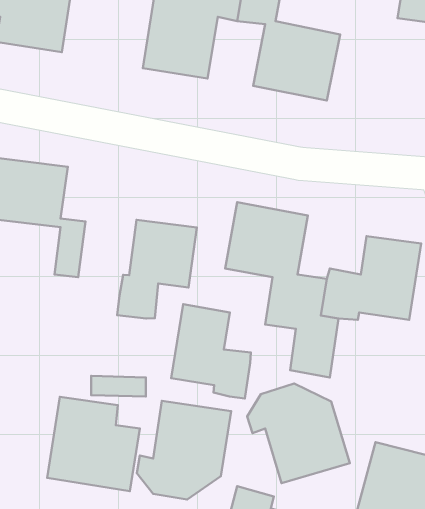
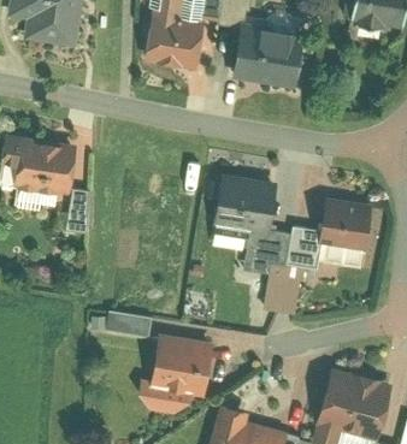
building: [117,220,197,319] -> none
building: [171,304,251,399] -> none
building: [247,384,350,483] -> none
building: [47,397,140,491] -> none

